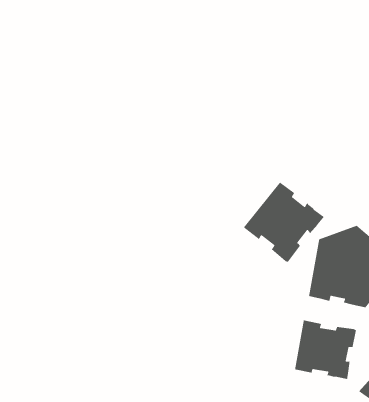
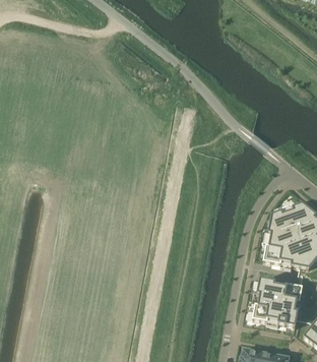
building: [243,181,325,263] -> none

